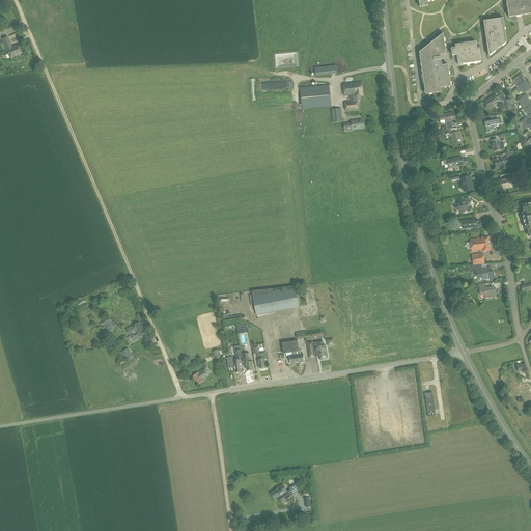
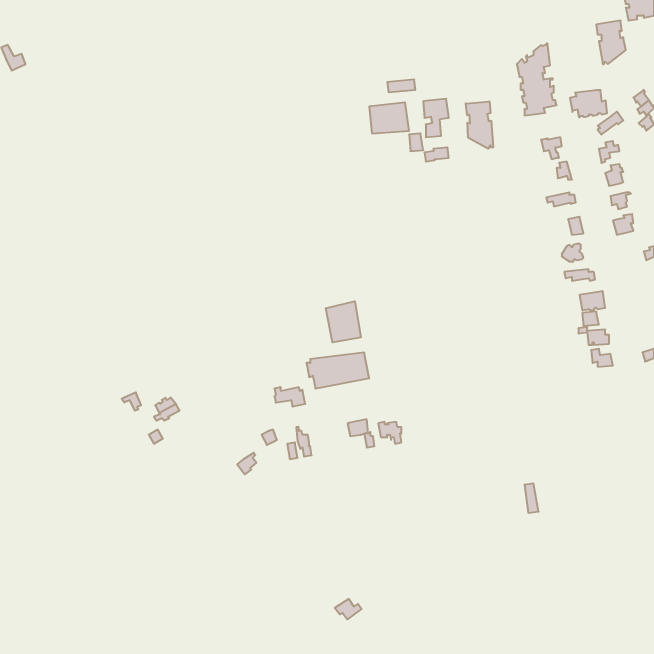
building: [450,41,480,63] -> [570,90,607,117]
building: none -> [466,101,493,149]
building: none -> [326,301,361,342]

